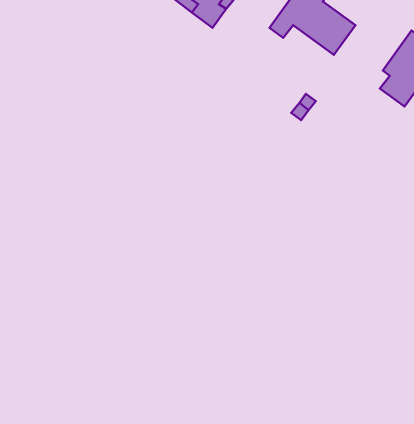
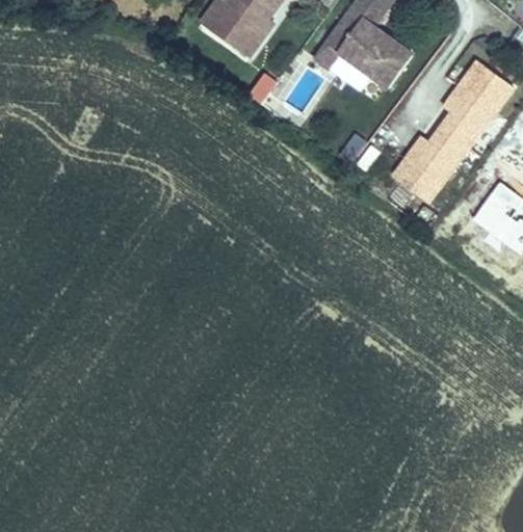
building: none -> [392,127,468,202]

